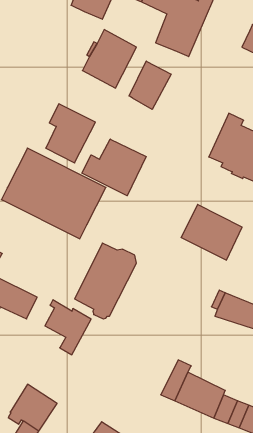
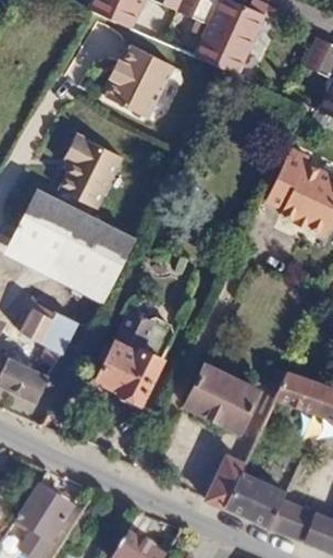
building: [129,61,171,109] -> none
building: [82,139,146,196] -> none
building: [181,204,242,260] -> [182,363,258,433]
building: [45,300,91,355] -> [20,300,77,368]

